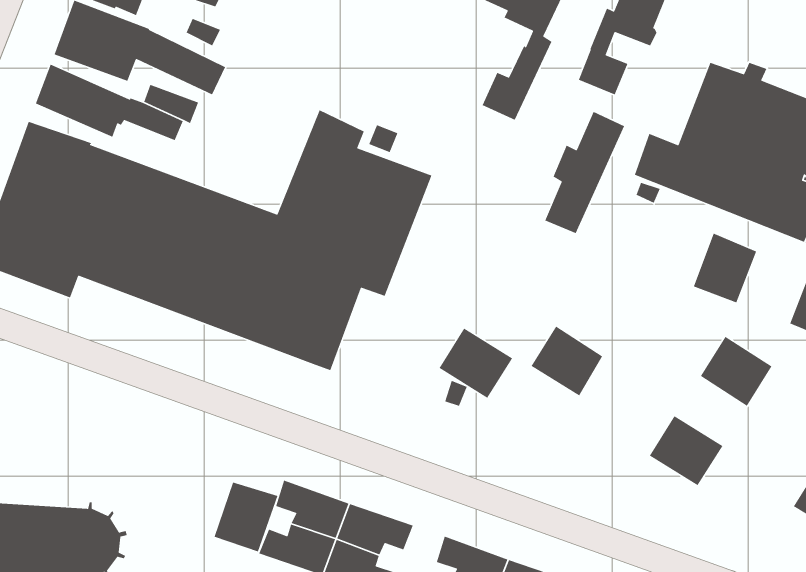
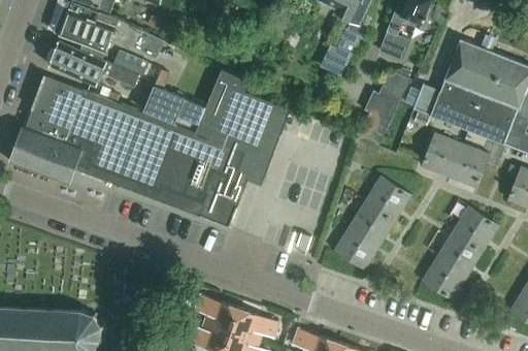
building: none -> [143,84,204,129]
building: none -> [421,133,461,177]
building: none -> [365,176,409,219]
building: [439,328,513,399] -> [334,225,380,268]
building: none -> [437,231,482,274]
building: [213,482,279,553] -> none

